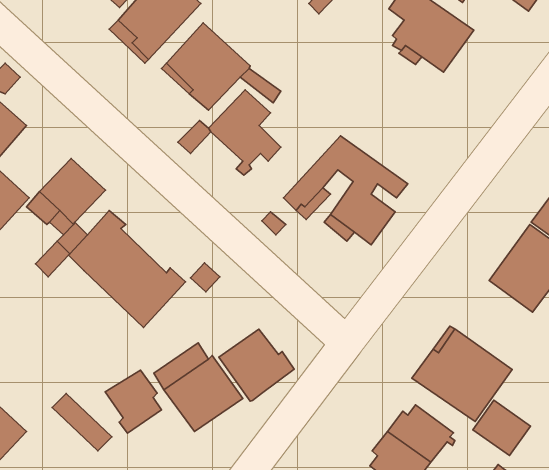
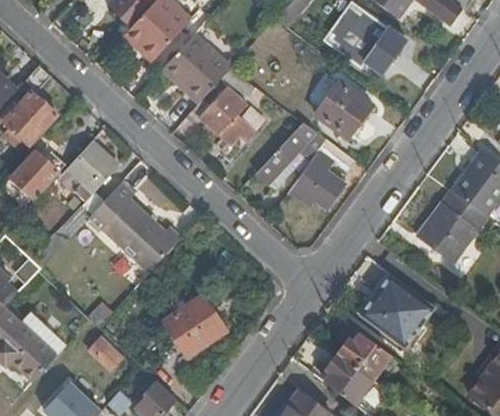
building: none -> [315,83,372,139]
building: [219,329,294,401] -> none
building: [105,370,162,433] -> none
building: [473,400,531,456] -> none

